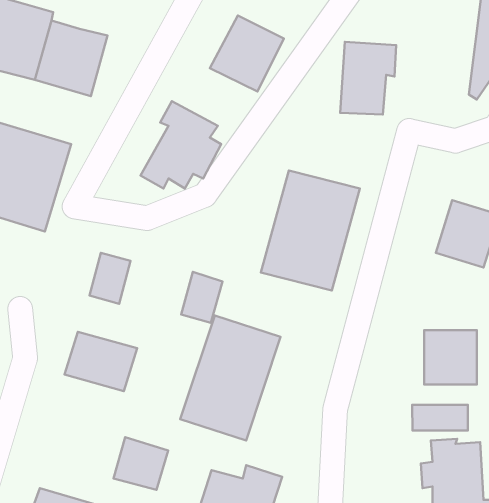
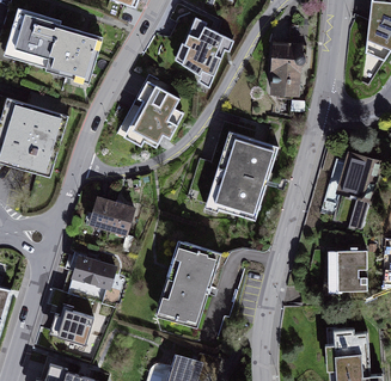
building: [181,272,222,323] -> [106,199,136,236]
building: [412,405,468,431] -> none
building: [114,437,168,490] -> [53,307,92,345]

